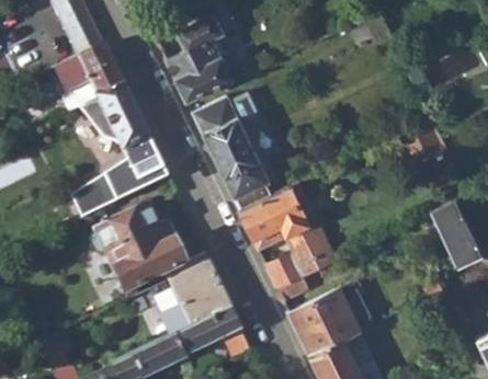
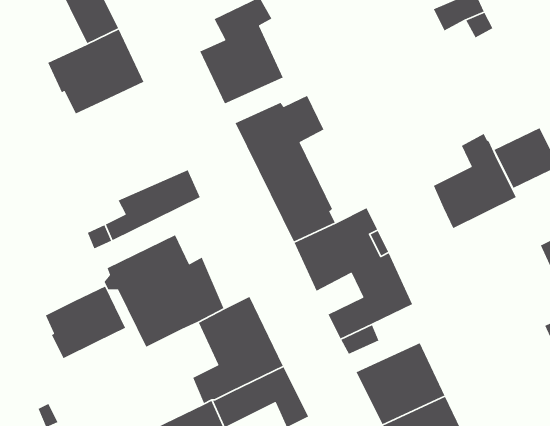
building: [97,85,154,156] -> none
building: none -> [433,133,517,229]
building: none -> [45,286,126,359]

